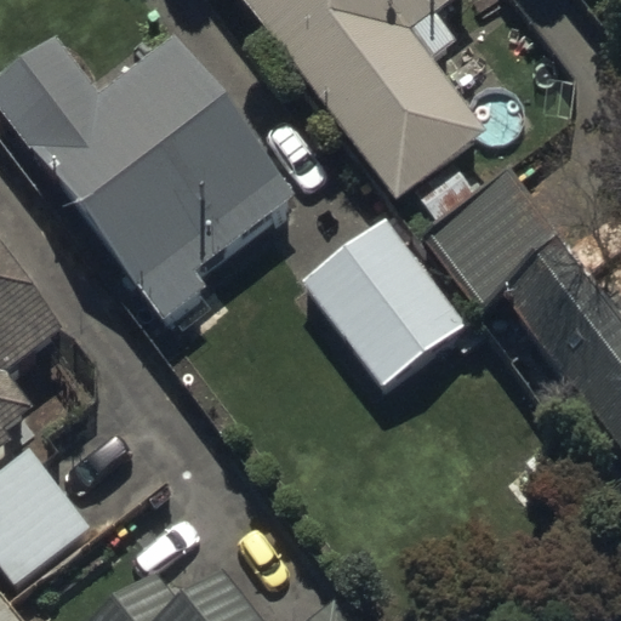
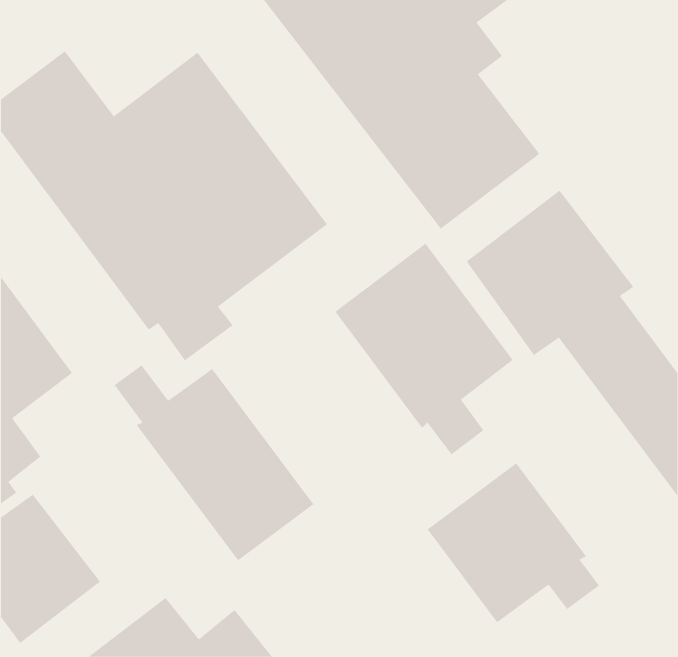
building: none -> [114,364,314,561]
building: none -> [427,462,600,623]

